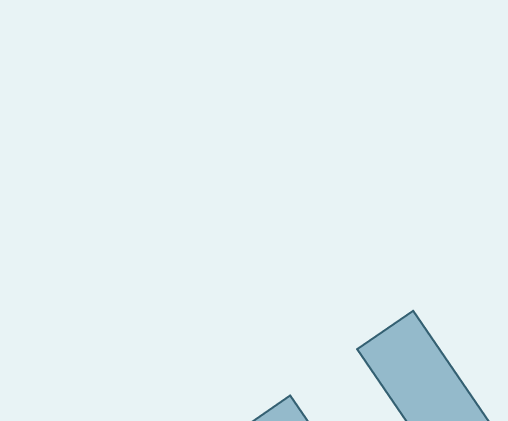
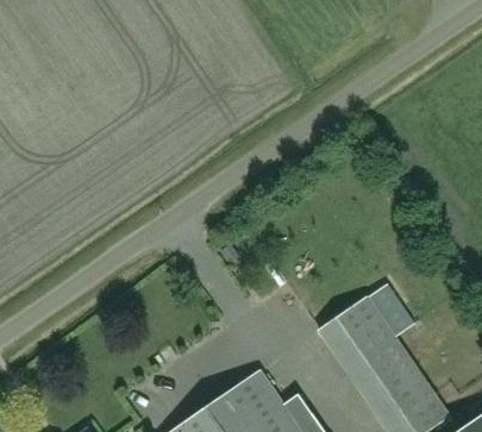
building: none -> [371,283,417,336]

